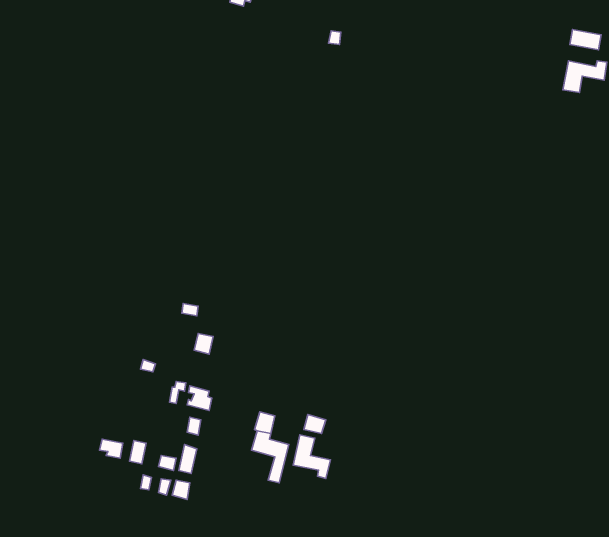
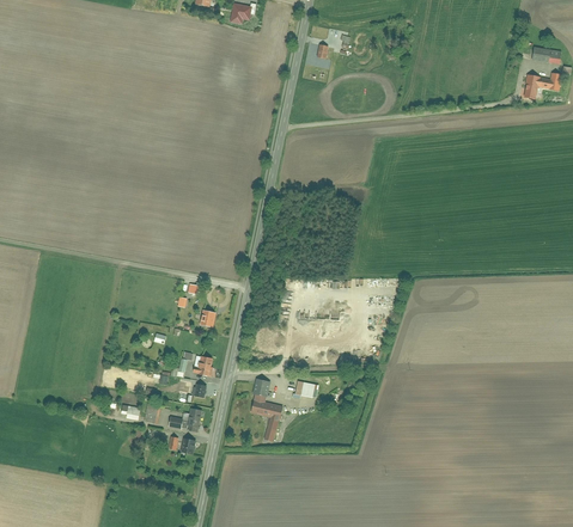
building: [293,435,331,478] -> none

